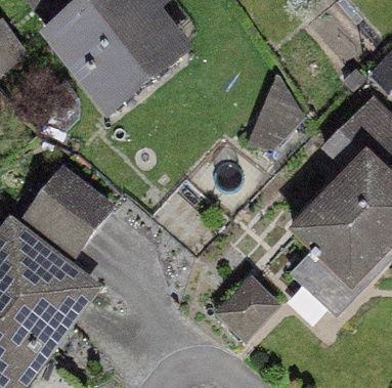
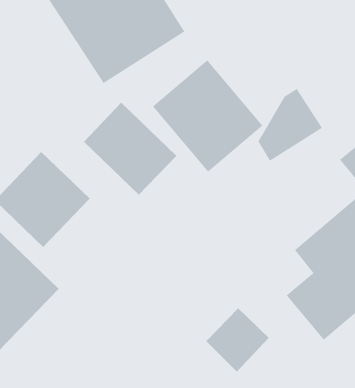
building: none -> [152,59,263,172]
building: none -> [83,102,177,196]

